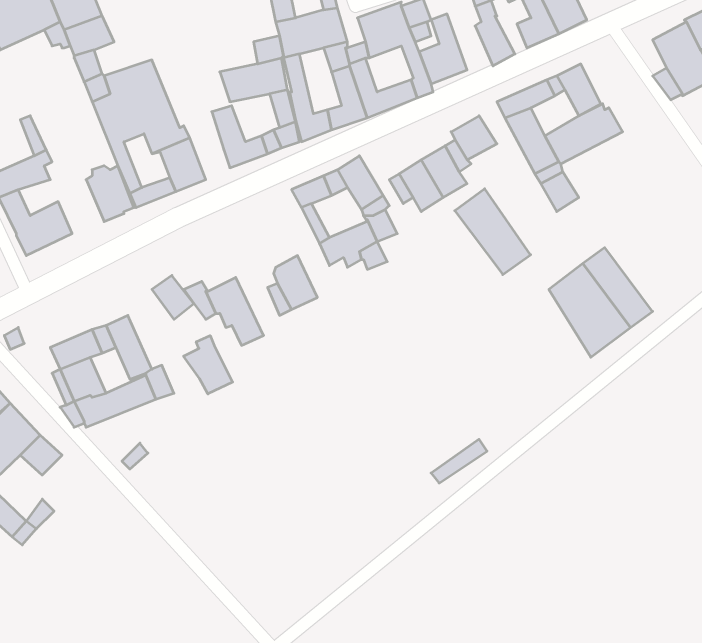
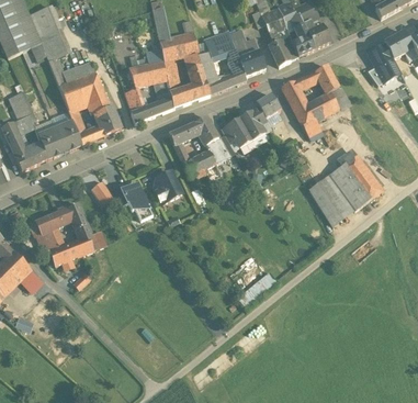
building: none -> [37,128,65,158]
building: [455,189,531,275] -> [340,154,382,201]
building: [184,336,233,394] -> none

